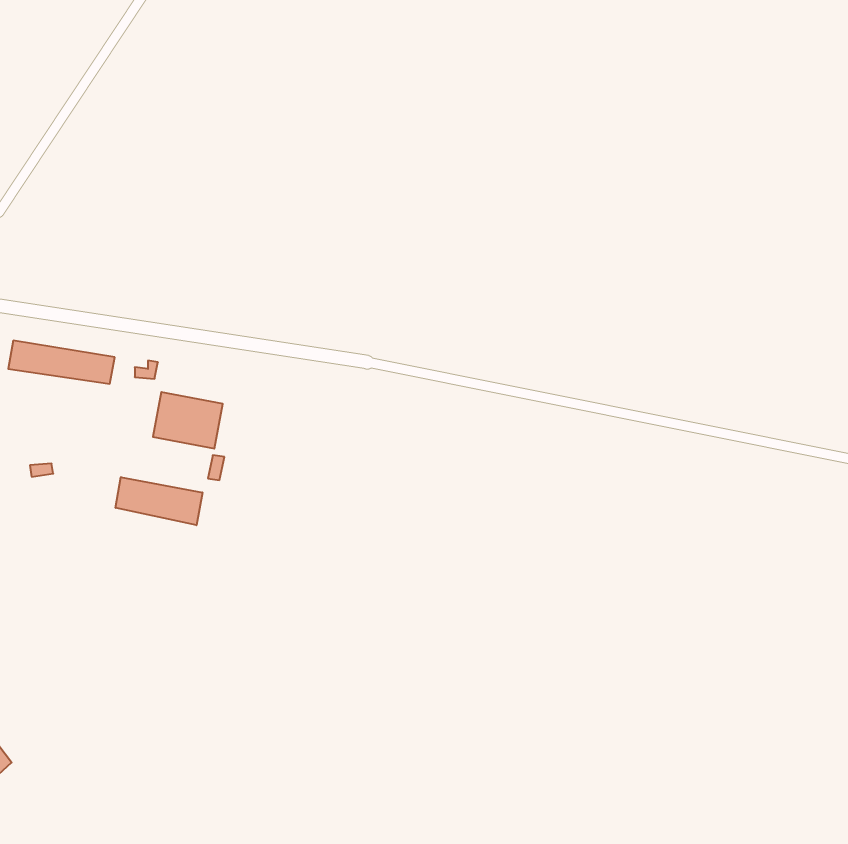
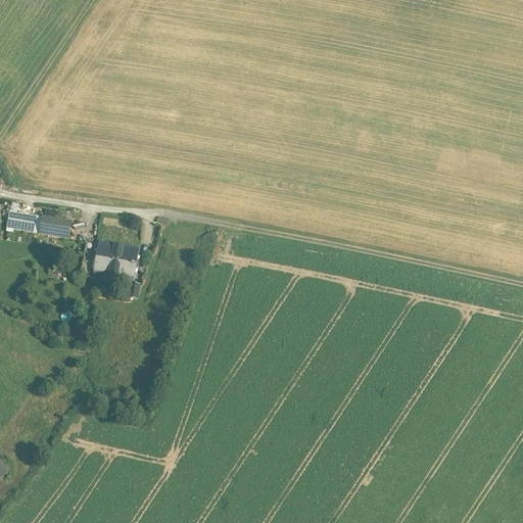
building: [116,477,202,525] -> none

